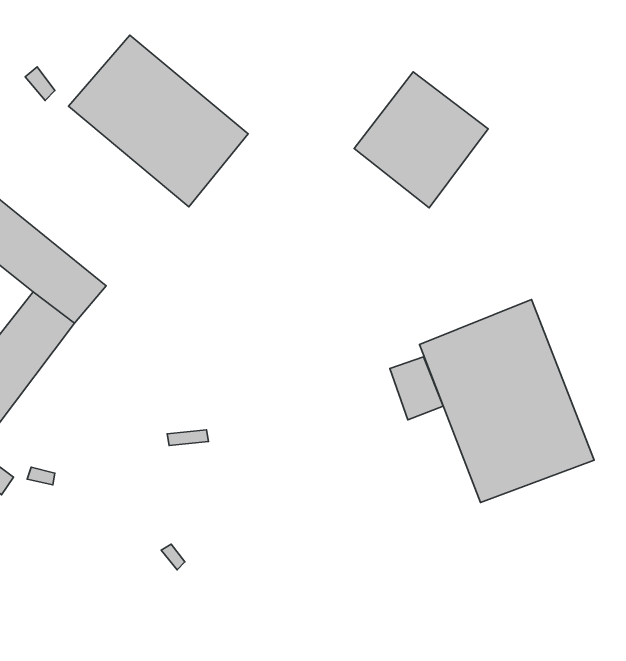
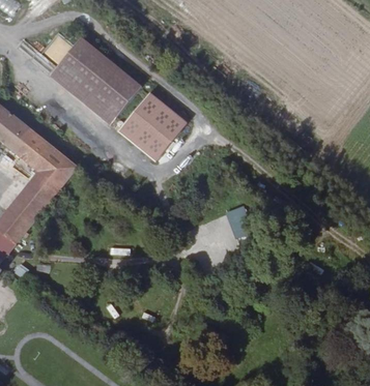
building: [354,72,488,208] -> [116,90,187,161]
building: [419,299,594,503] -> none

